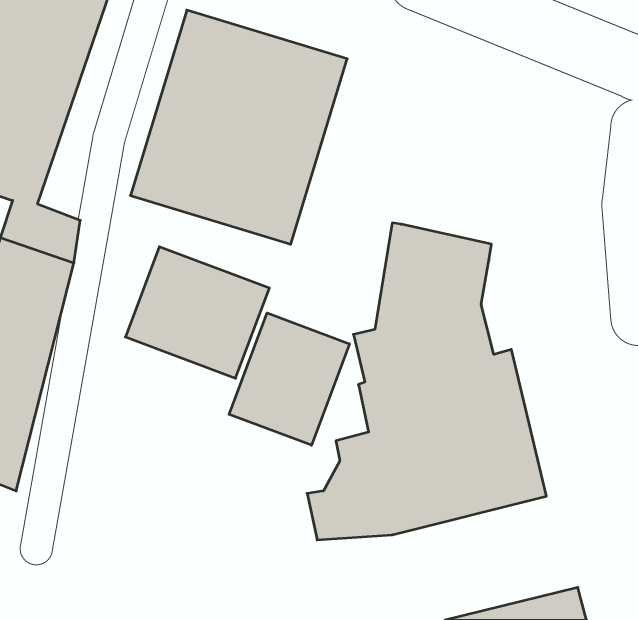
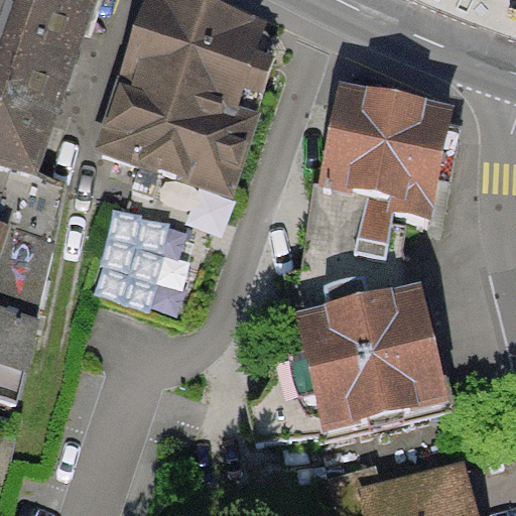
building: none -> [322,90,448,217]
building: [229,313,349,445] -> none

